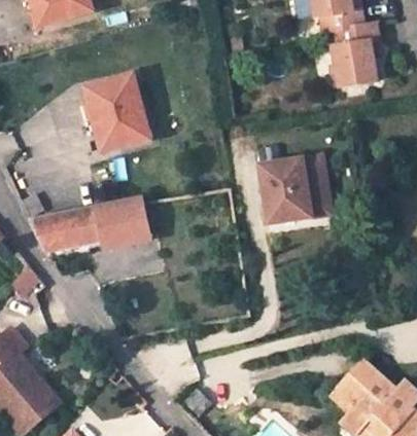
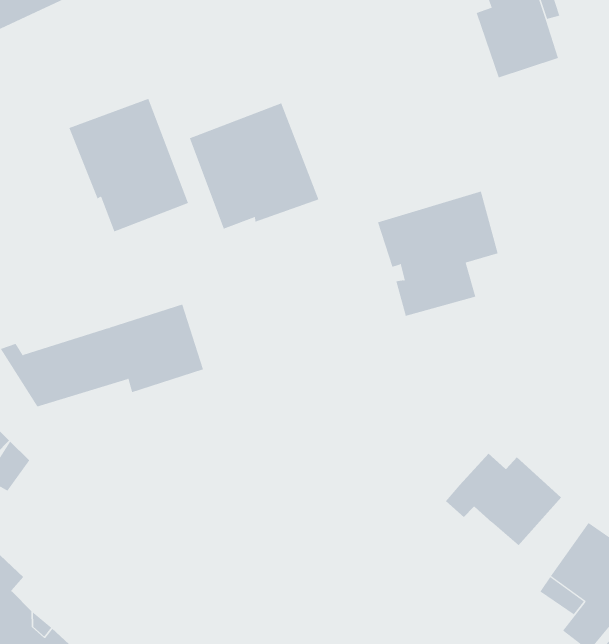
building: none -> [189,103,319,230]
building: none -> [445,453,562,546]

